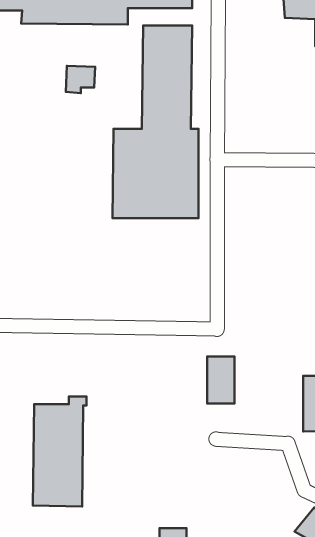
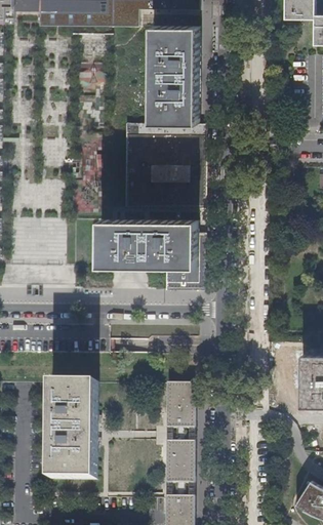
building: none -> [96,219,202,289]
building: [207,357,234,403] -> [167,383,193,428]
building: none -> [165,444,192,489]

